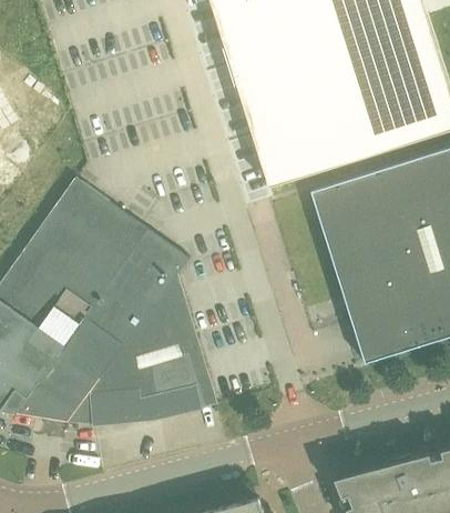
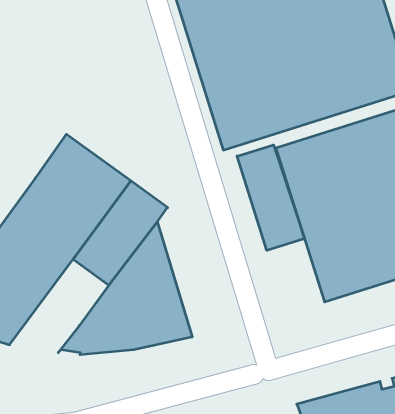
building: none -> [237,145,304,250]
building: [14,315,125,420] -> none

